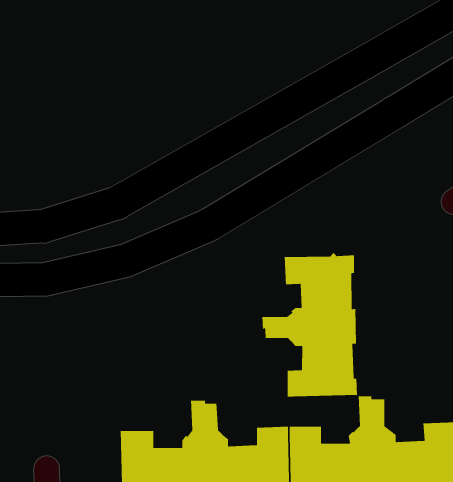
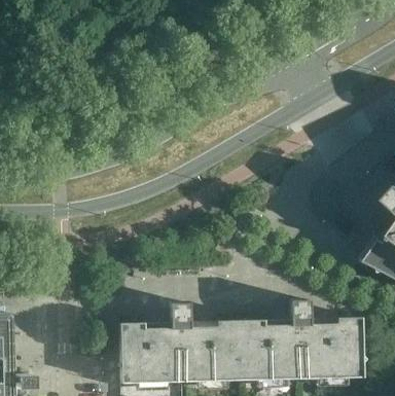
building: [261,252,358,398] -> none

